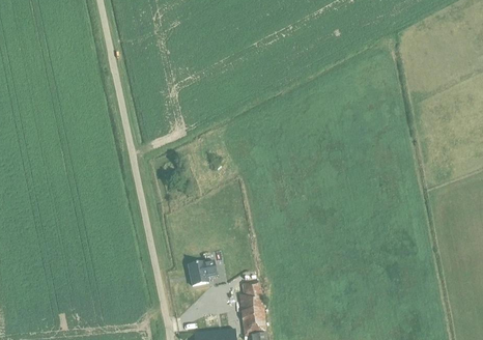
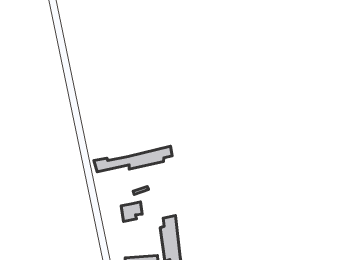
building: none -> [94,146,172,172]

